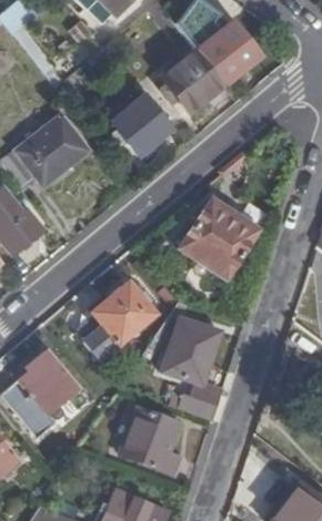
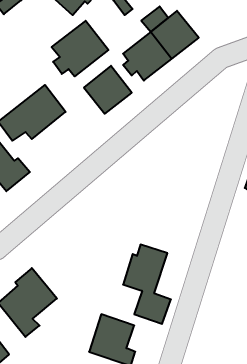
building: none -> [52,21,108,76]
building: [178,197,259,279] -> none
building: [83,282,153,358] -> none

